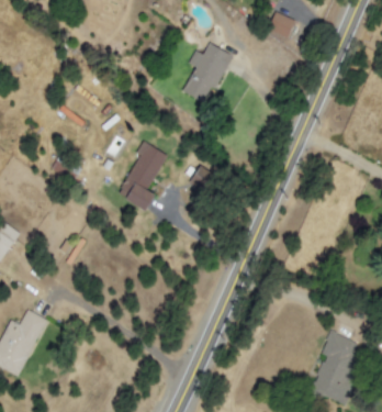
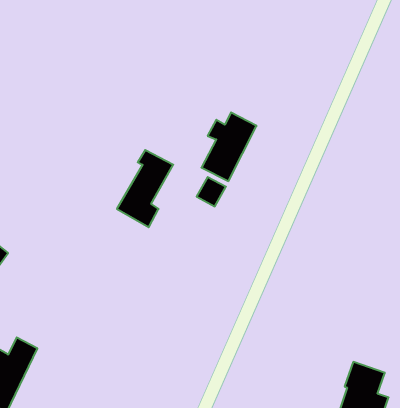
building: [268,11,295,37] -> none
building: [182,42,232,103] -> [201,112,257,181]

